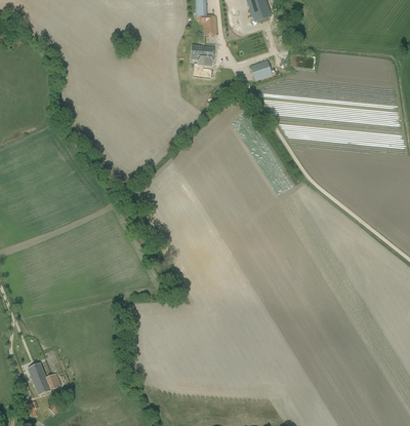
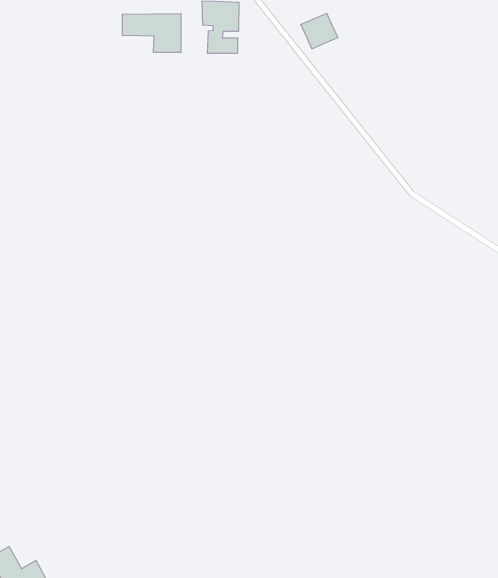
building: none -> [122,13,181,53]

